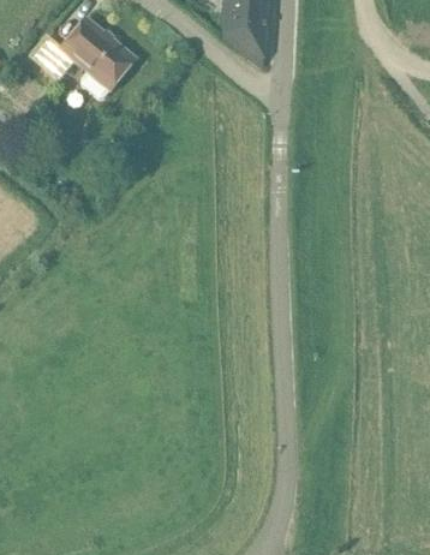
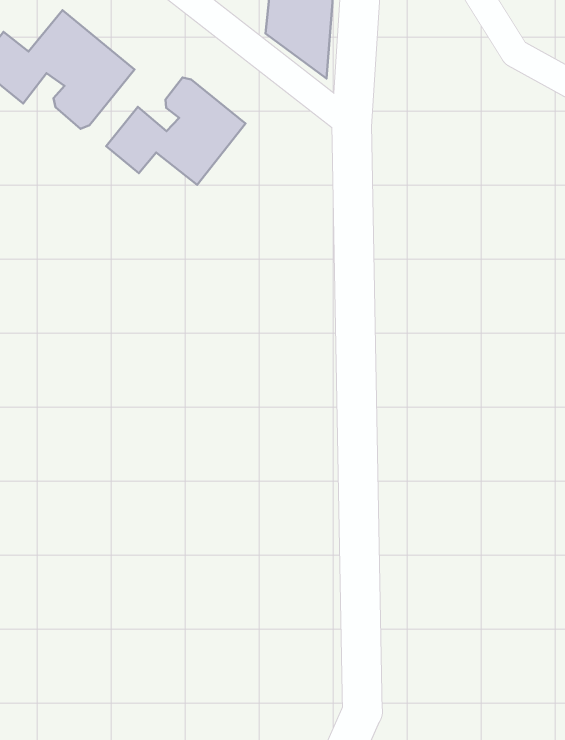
building: none -> [106,77,245,185]

